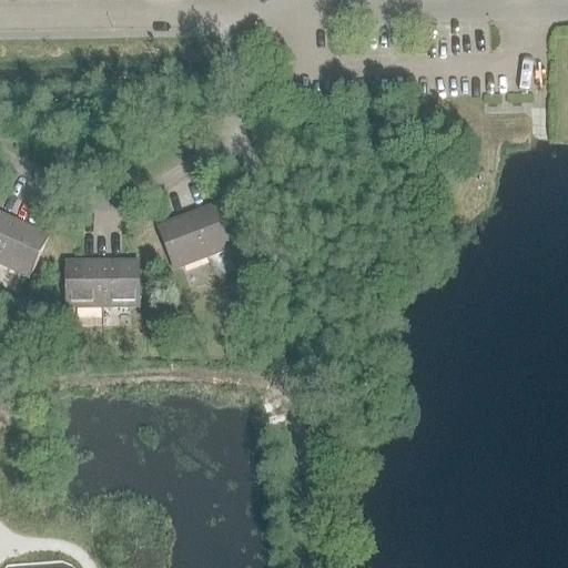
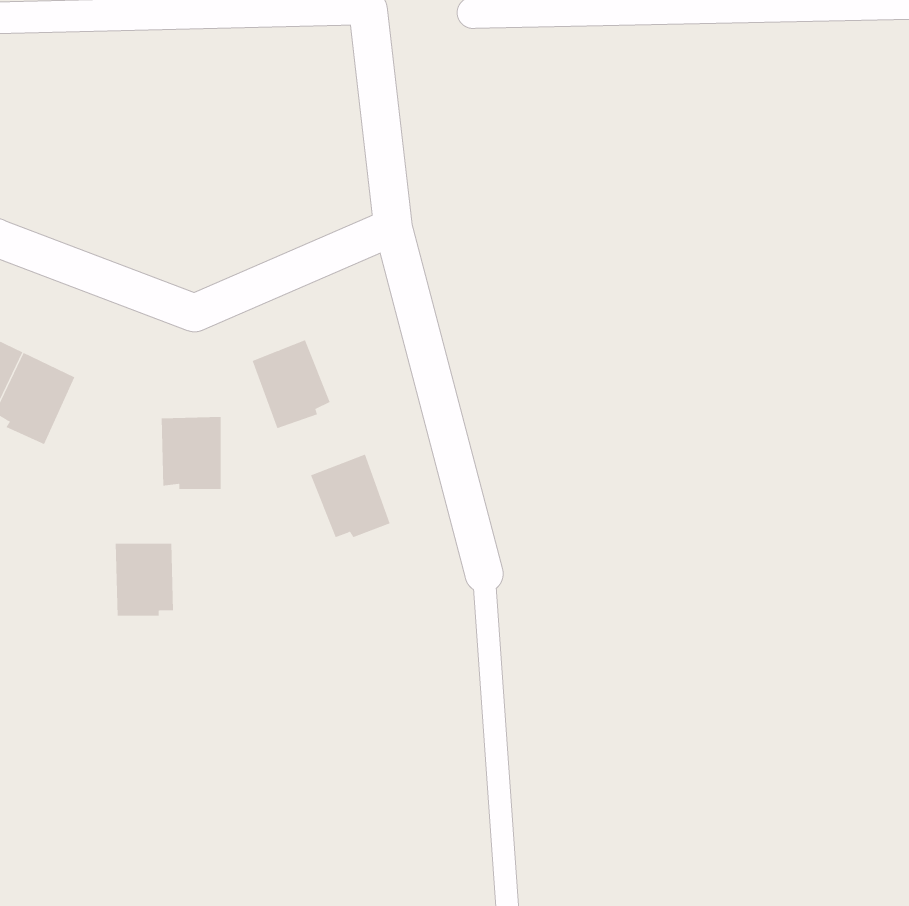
building: [190,197,240,250] -> [310,454,391,538]
building: [64,260,101,305] -> [115,543,174,616]

